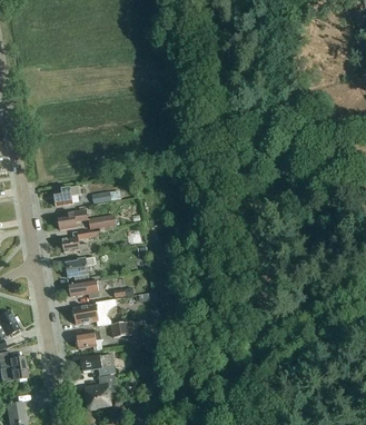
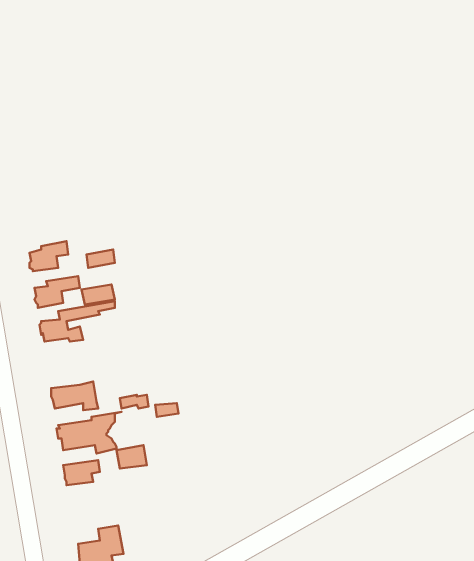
building: [66,257,97,281] -> none
building: [81,354,116,375] -> none

